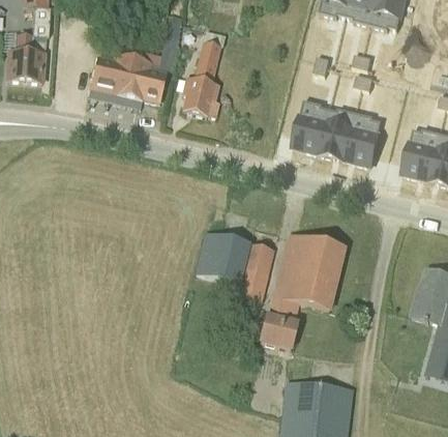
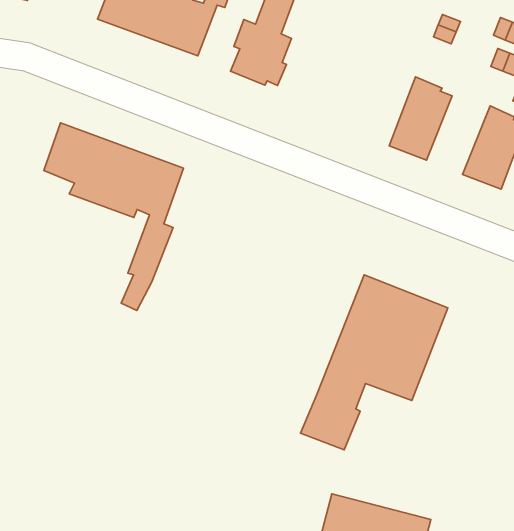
building: [319,108,356,159] -> none
building: none -> [44,123,184,311]
building: [195,234,274,303] -> none

